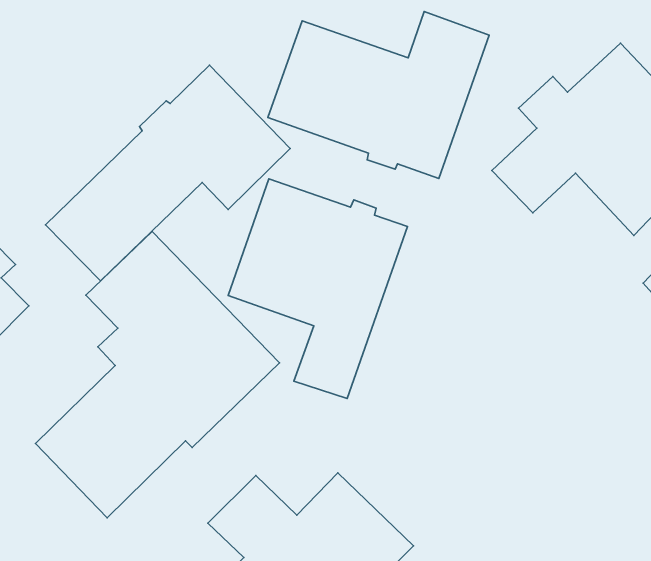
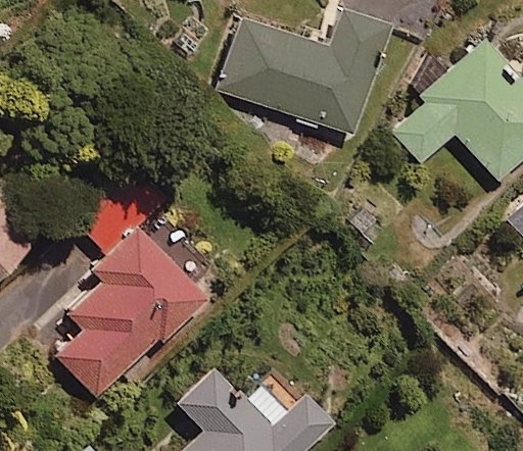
building: [45,65,290,281] -> none
building: [228,179,408,399] -> none

